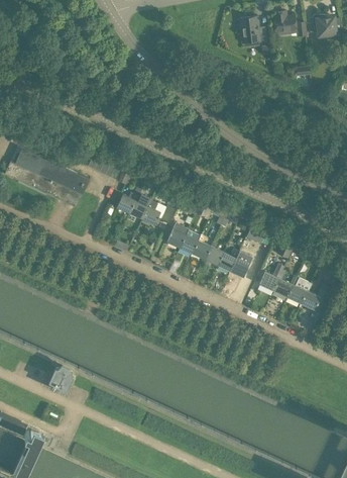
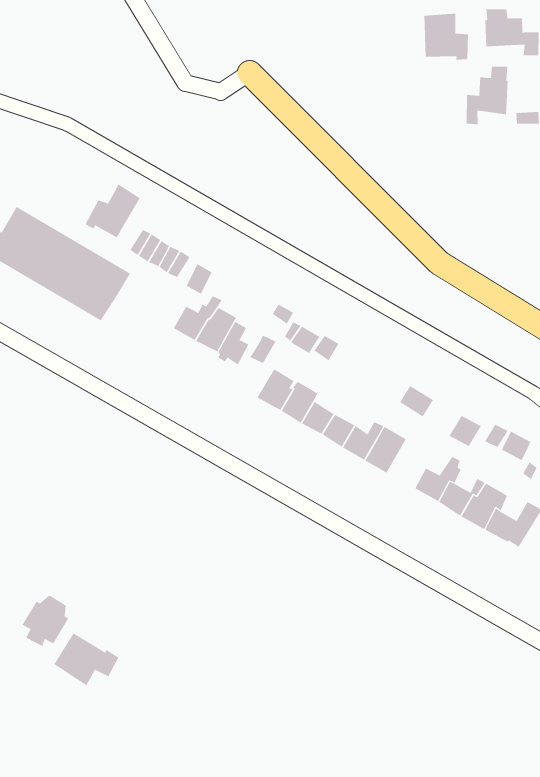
building: none -> [466,66,508,125]
building: none -> [85,183,140,238]
building: none -> [54,633,119,686]

